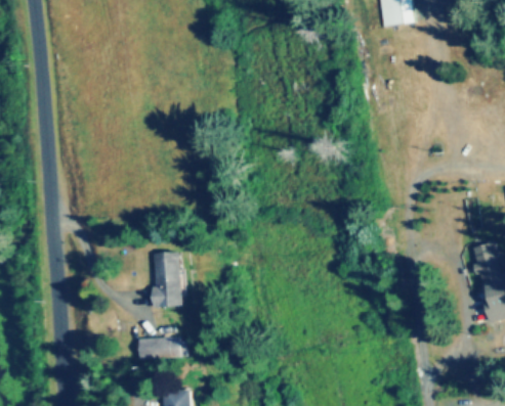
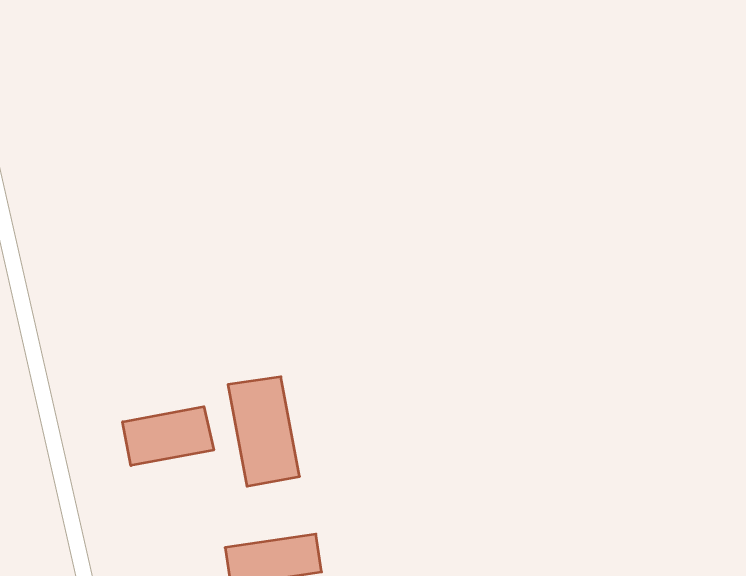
building: none -> [123,407,214,466]

